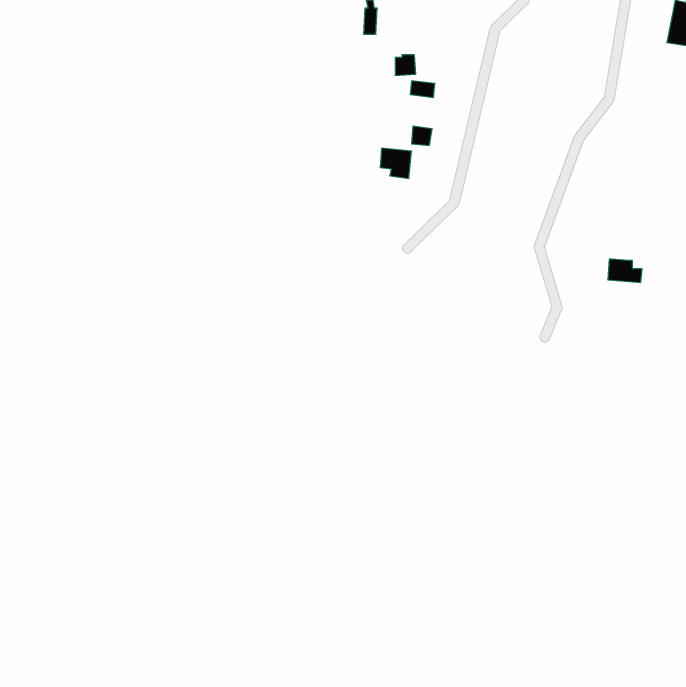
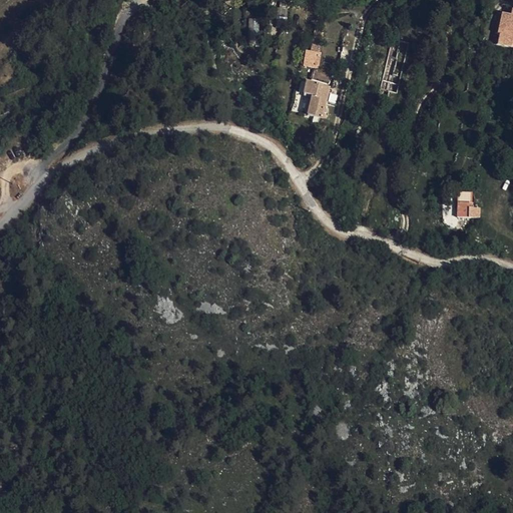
building: [380,148,412,178] -> [306,82,329,104]

